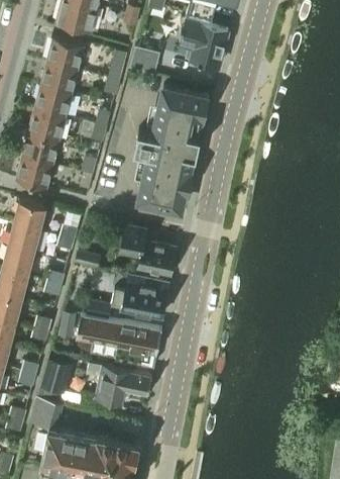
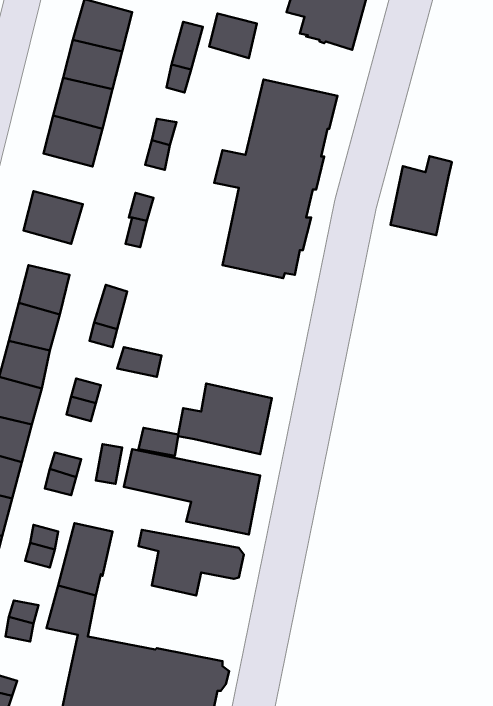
building: [22,133,59,165] -> none
building: none -> [391,156,452,235]
building: [118,225,176,275] -> none

